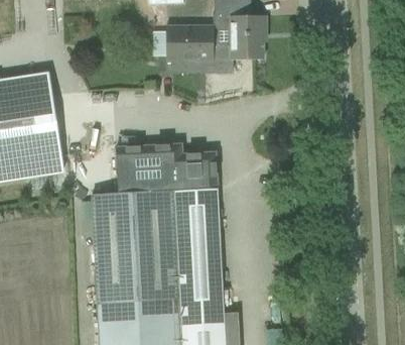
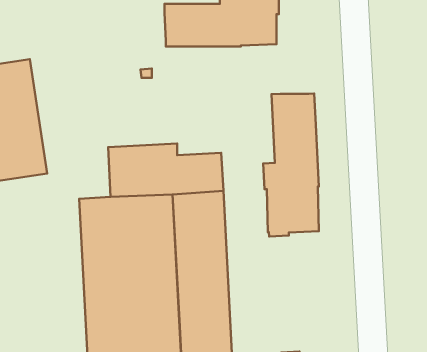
building: none -> [263,93,319,236]

